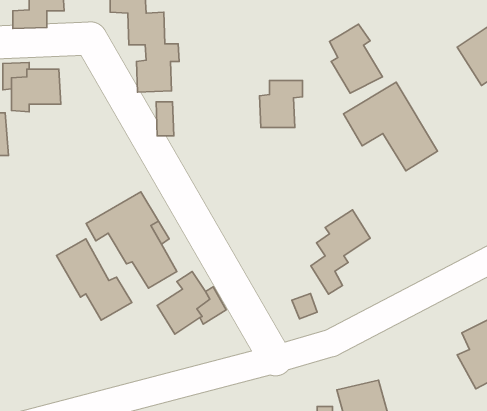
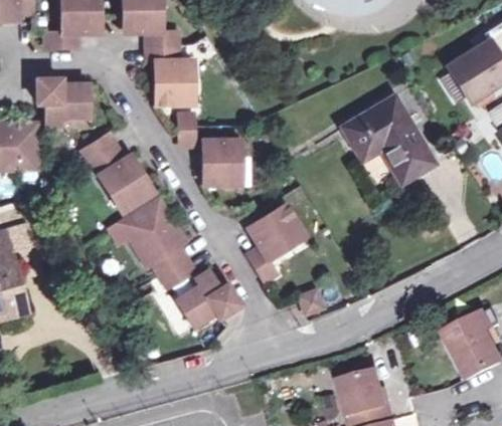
building: [330,24,382,93] -> none
building: [260,80,302,128] -> [196,143,235,186]
building: [311,210,370,294] -> [244,206,299,283]
building: [56,239,132,320] -> [81,137,151,211]

